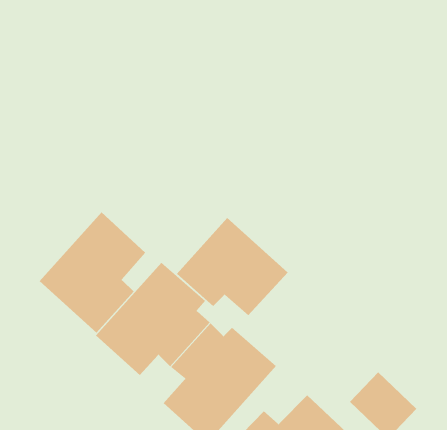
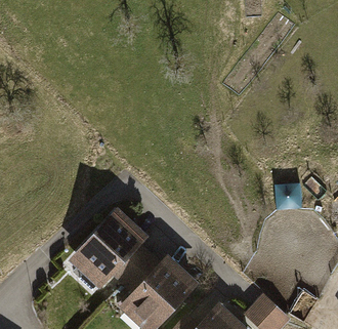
building: [39,212,146,334] -> none
building: [176,217,288,316] -> none

